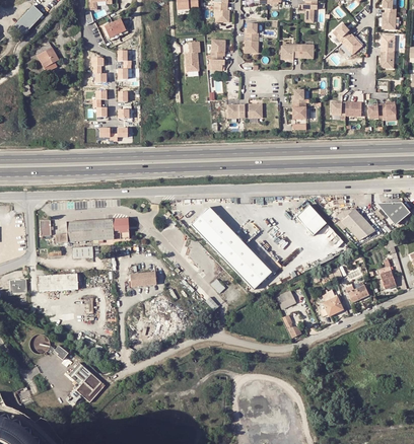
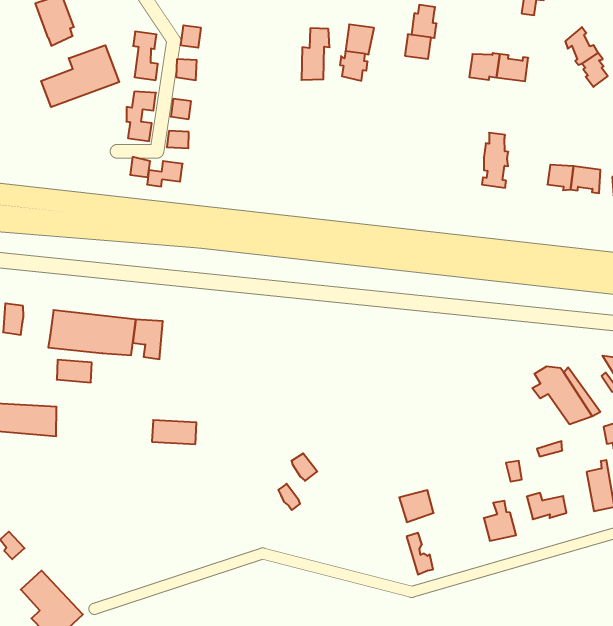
building: none -> [41,45,119,107]
building: [224,102,259,117] -> none
building: [296,204,327,233] -> none
building: [191,208,272,290] -> none

